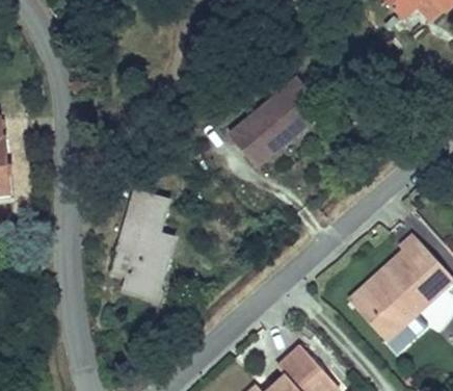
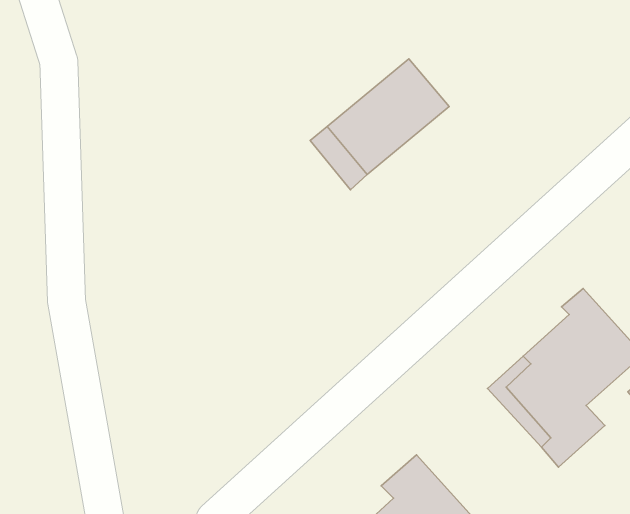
building: [111,189,175,299] -> none

